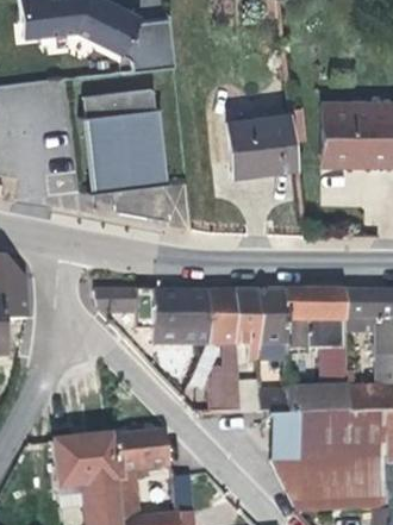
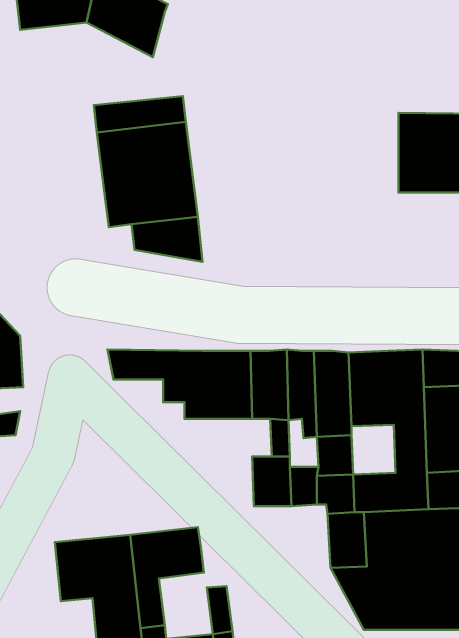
building: [130,18,176,71] -> none
building: [227,114,295,173] -> none

